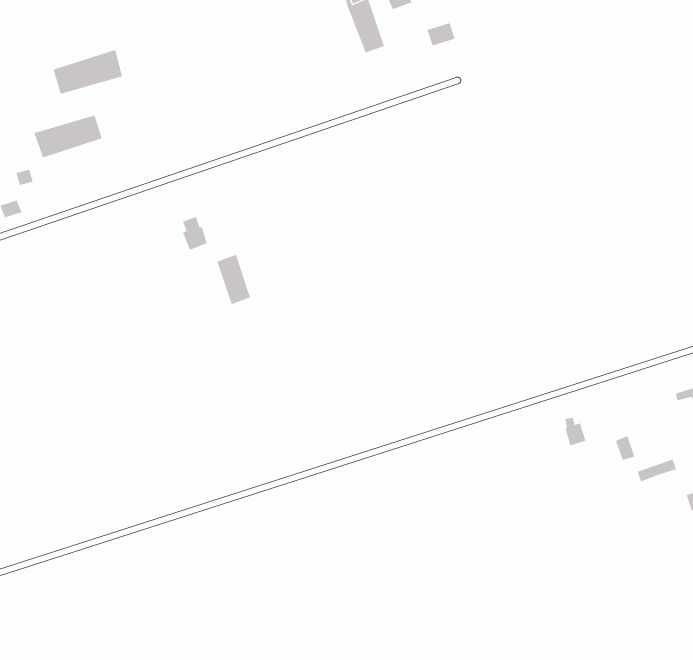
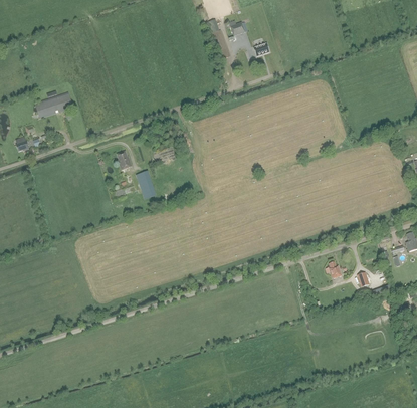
building: [53,49,123,94] -> none

